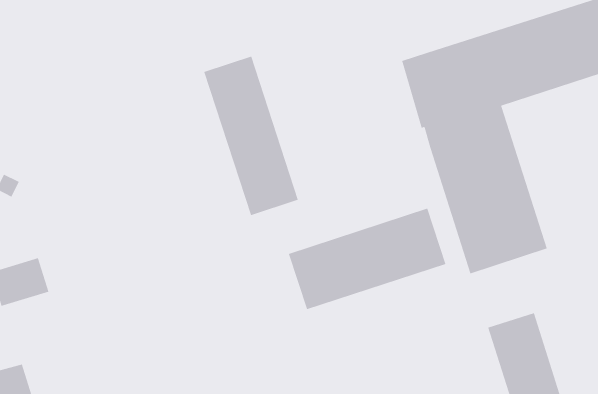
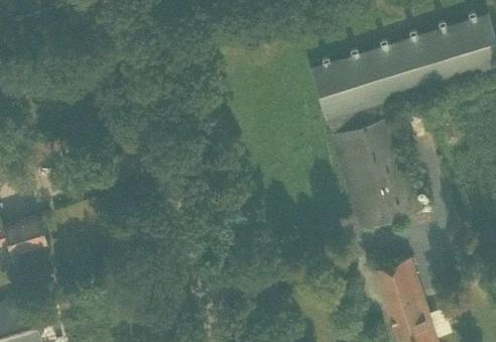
building: [203,56,299,216] -> none
building: [288,208,447,310] -> none

